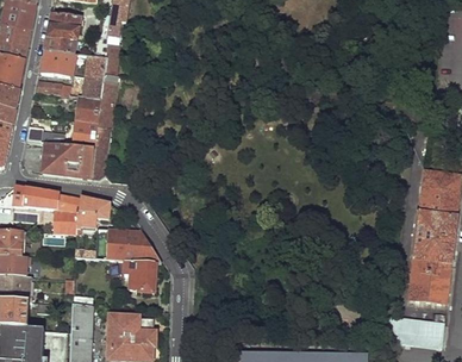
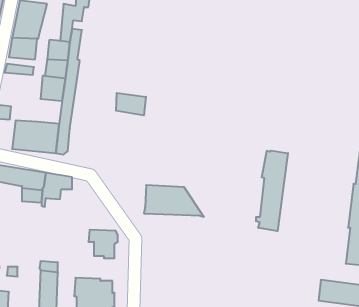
building: none -> [116,93,146,115]
building: [71,119,99,146] -> none
building: none -> [256,151,288,231]
building: [96,230,162,264] -> [144,185,204,217]

